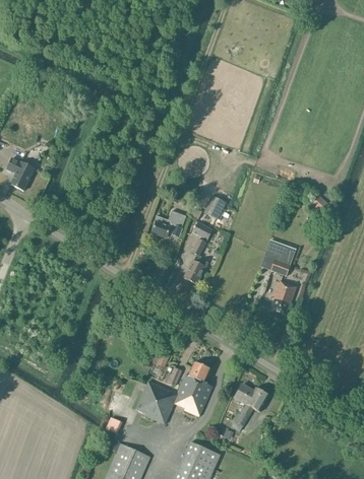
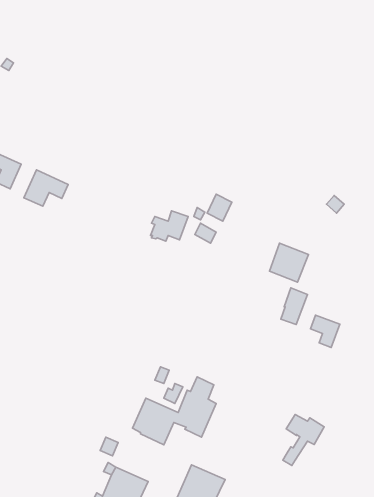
building: none -> [24,170,68,206]
building: [183,238,206,283] -> none
building: none -> [310,315,340,347]
building: [231,384,268,430] -> [283,414,324,466]

